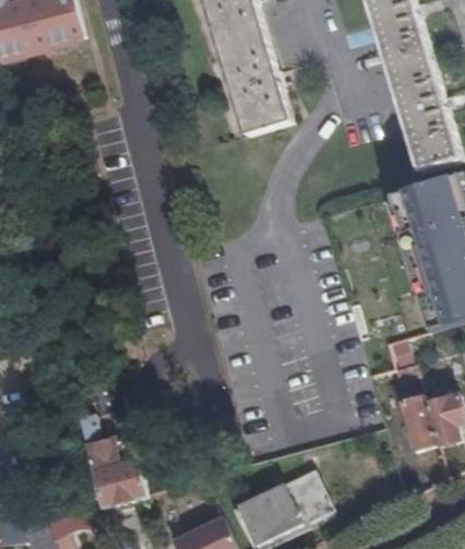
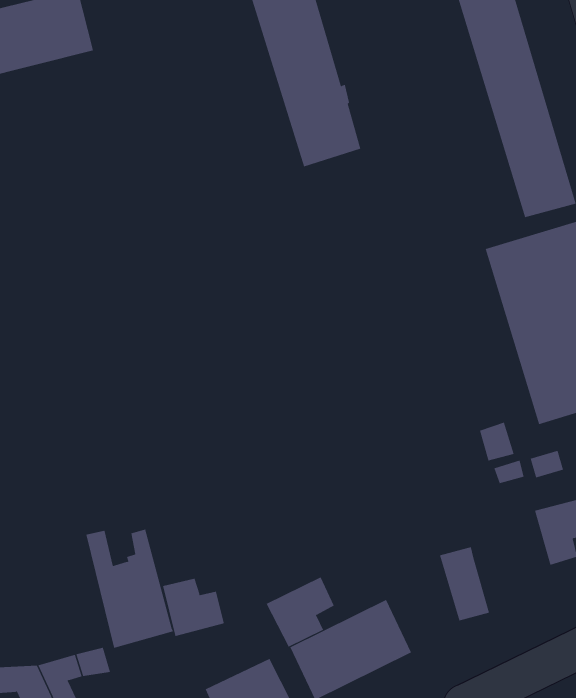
building: [398,392,438,450] -> [439,547,490,621]
building: none -> [266,577,334,647]
building: none -> [163,578,224,637]

